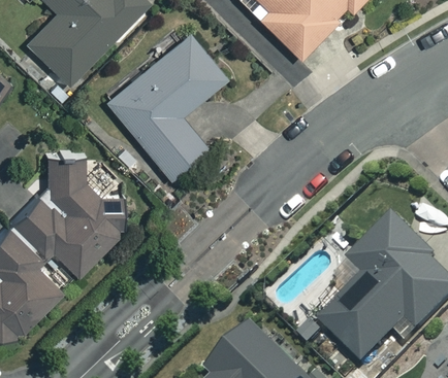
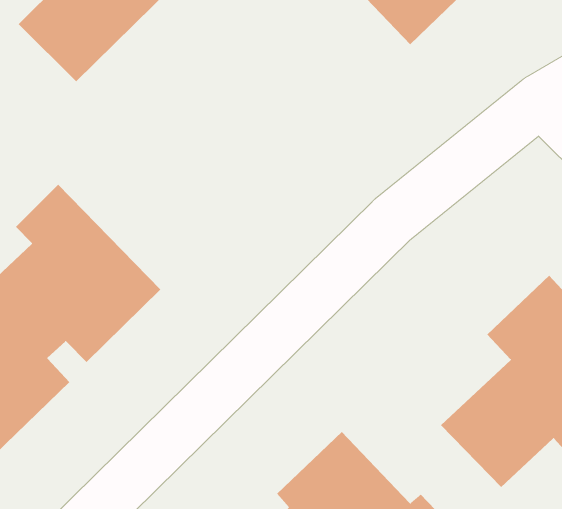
building: [106,33,225,177] -> none

